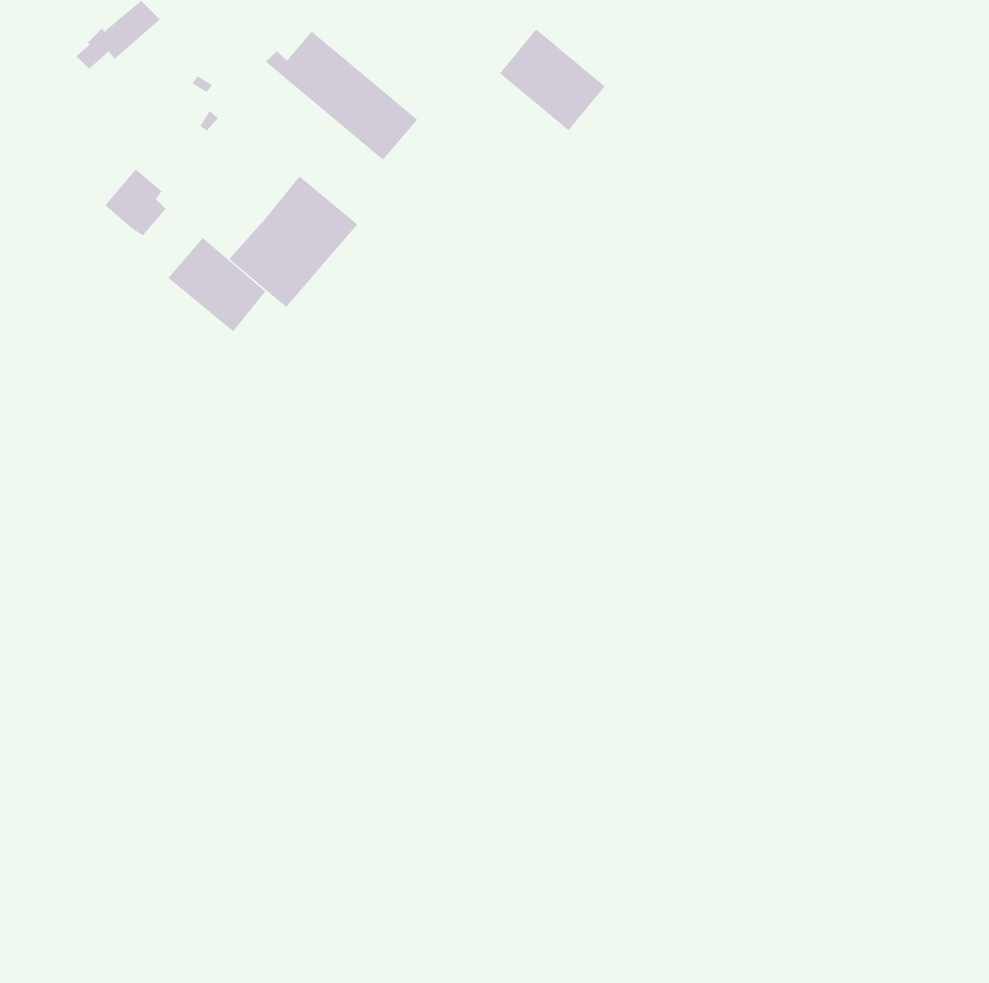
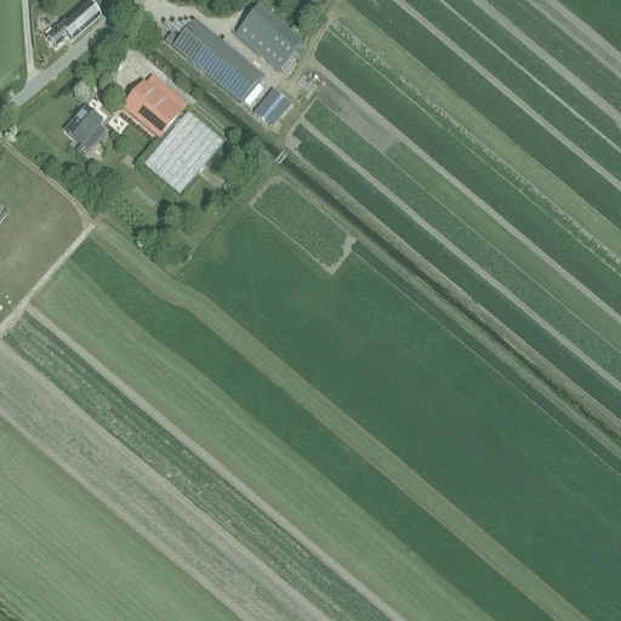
building: [499,29,606,131] -> [235,5,302,69]
building: none -> [255,89,290,125]
building: [168,237,266,332] -> [123,80,184,139]

